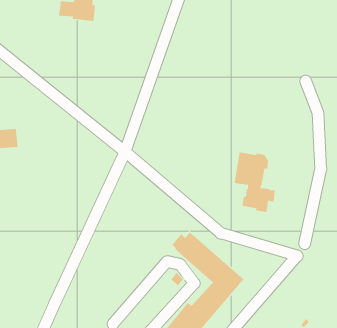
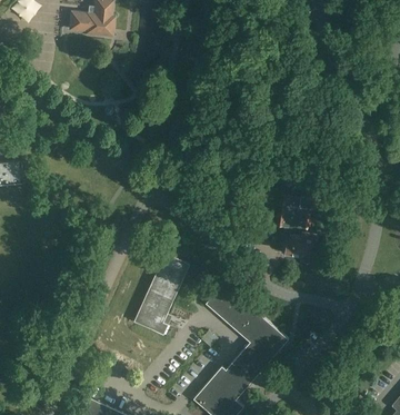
building: none -> [134,253,191,335]

